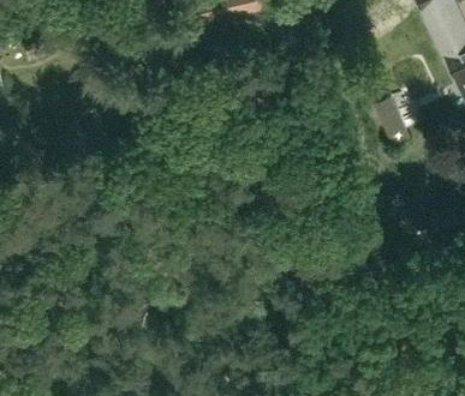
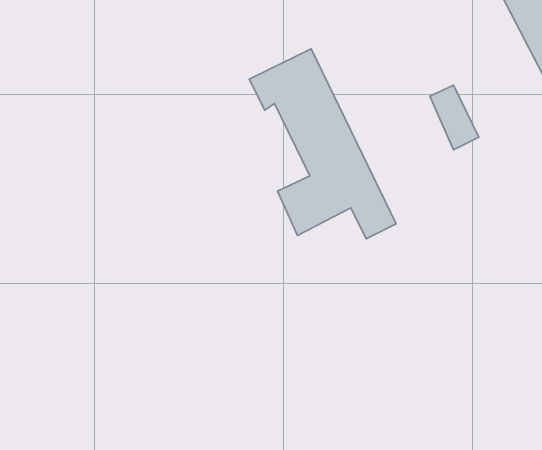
building: none -> [249,49,396,239]

